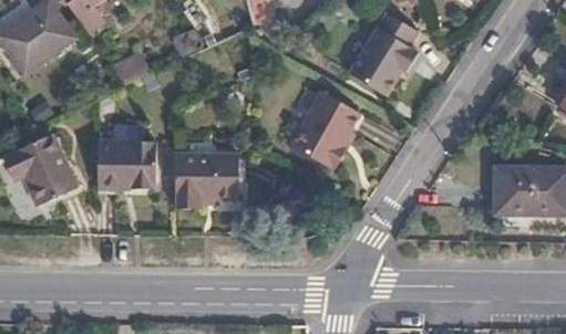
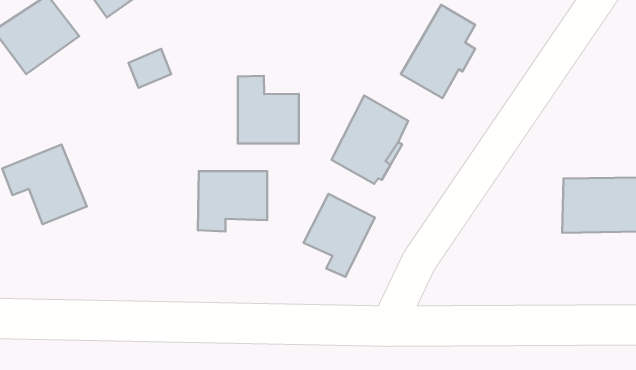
building: none -> [238,76,299,144]
building: [99,144,156,191] -> none
building: none -> [304,194,375,277]

